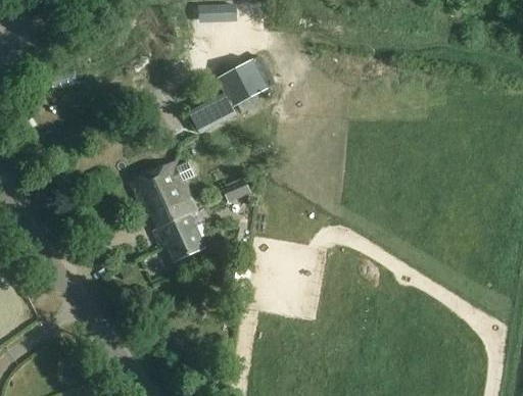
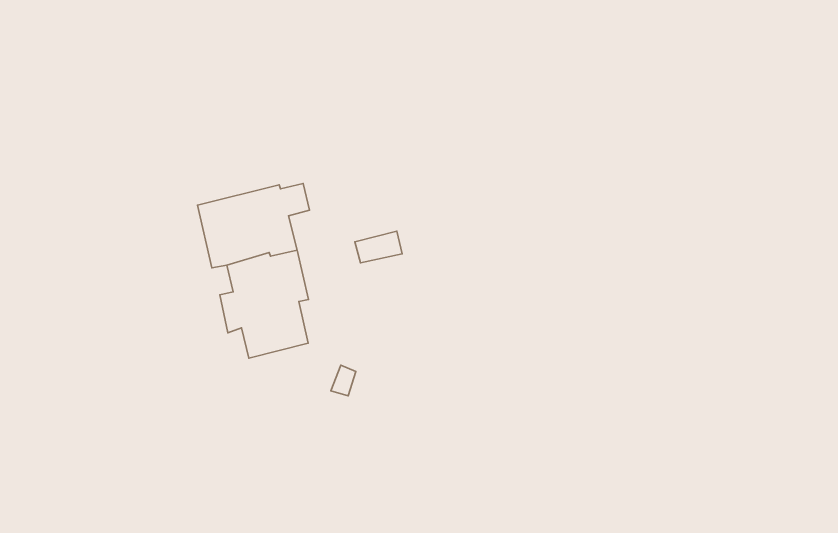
building: [189,54,275,133] -> none

